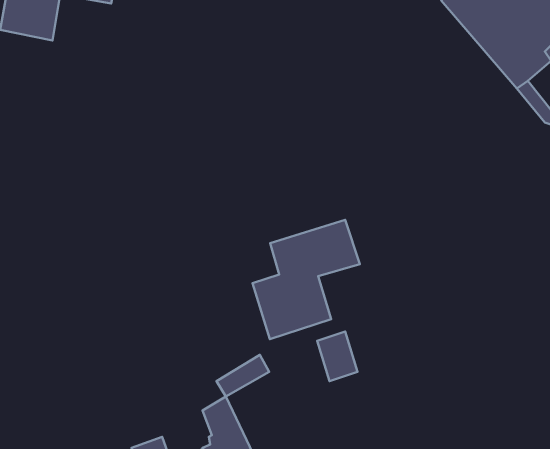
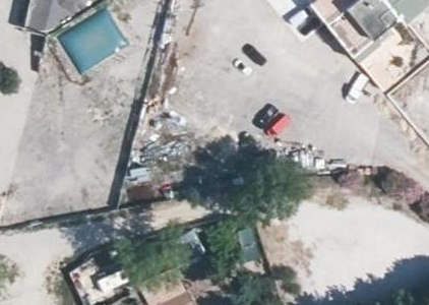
building: [253,220,360,339] -> none

